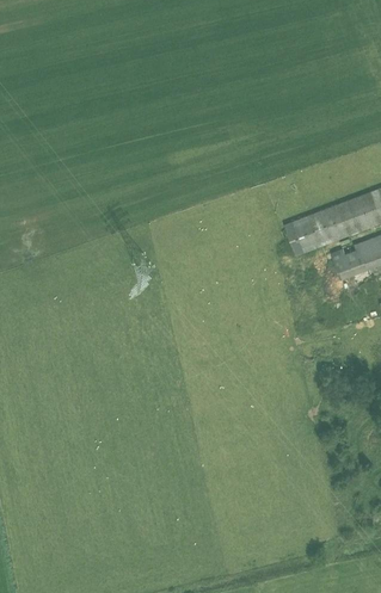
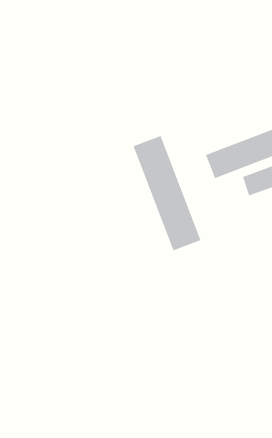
building: none -> [133,135,201,251]

